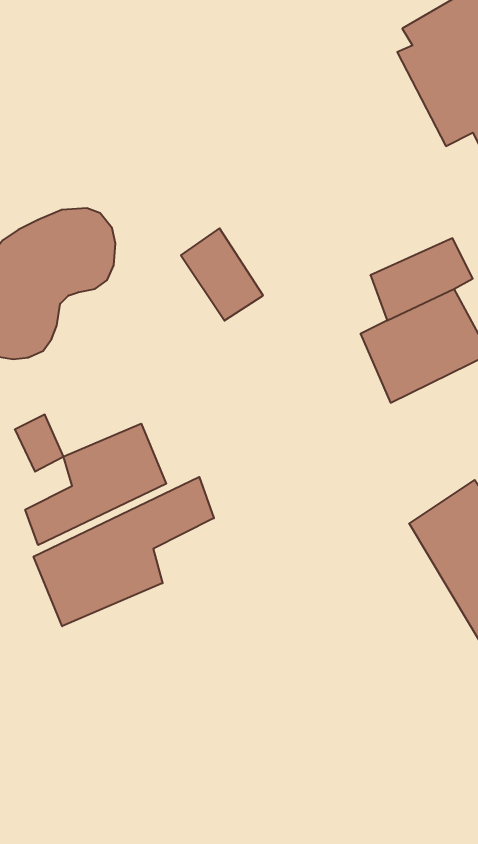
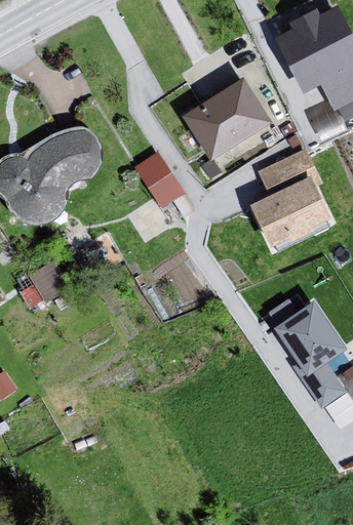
building: none -> [180,80,268,163]
building: [25,424,166,545] -> none
building: [34,477,214,626] -> none

